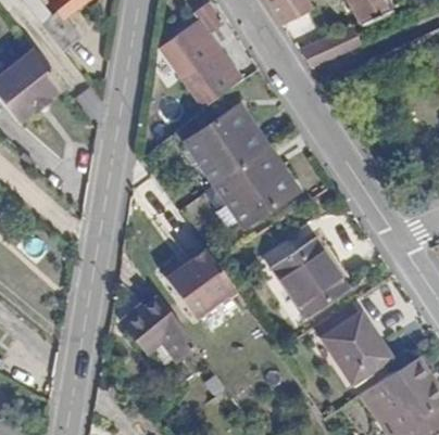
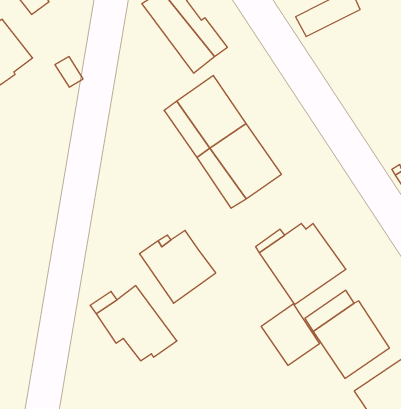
building: none -> [261,304,320,365]

